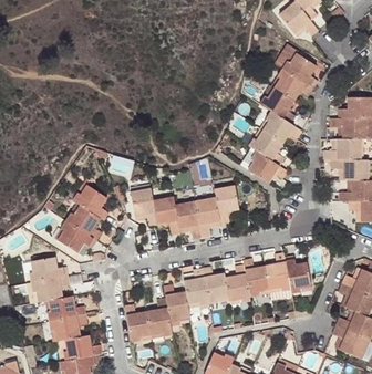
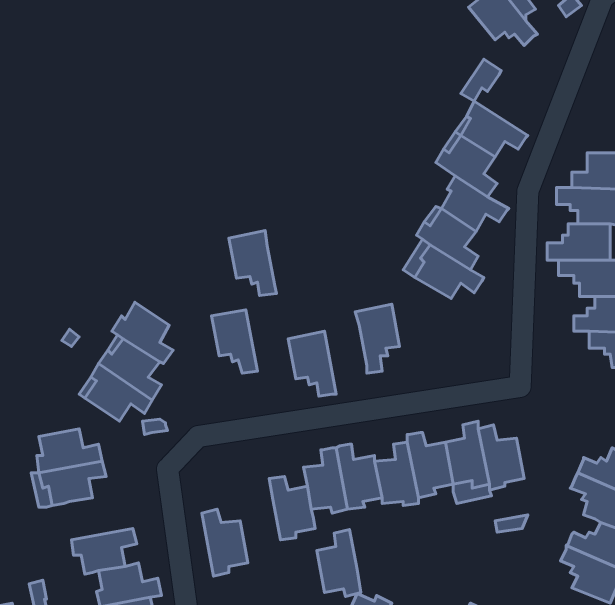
building: [282,53,318,89] -> none
building: [153,197,180,235] -> [229,230,277,296]
building: [196,198,220,238] -> none
building: [48,297,85,322] -> none
building: [147,299,173,337] -> [317,529,361,596]

